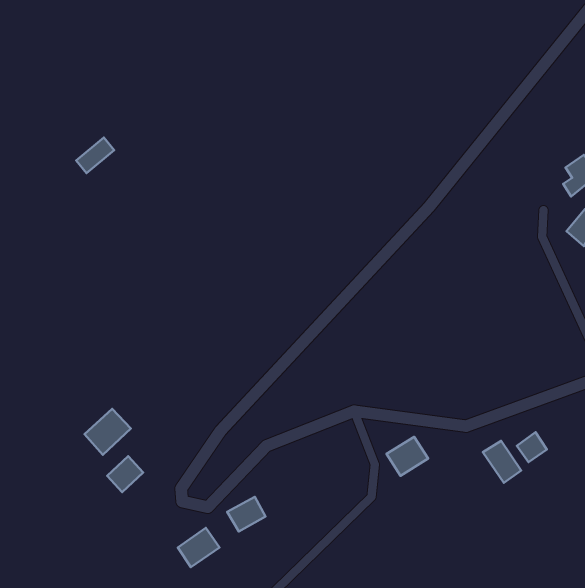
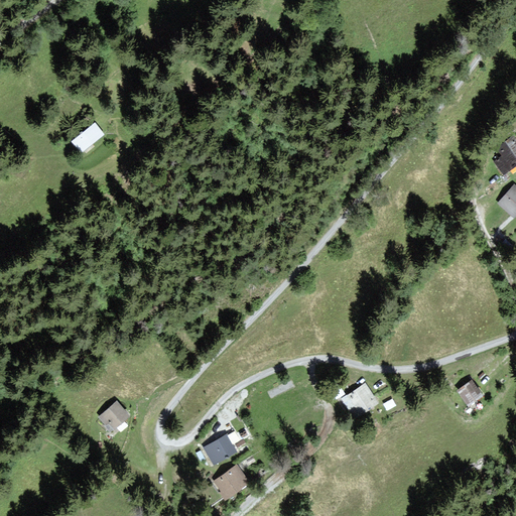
building: [85,409,131,455] -> none
building: [483,441,521,483] -> none
building: [178,528,220,567] -> [214,463,250,497]

